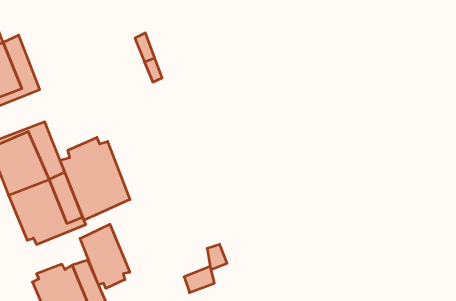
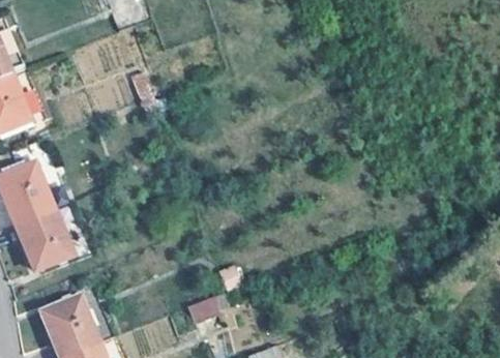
building: [60,137,130,220] -> none
building: [80,224,130,288] -> none

